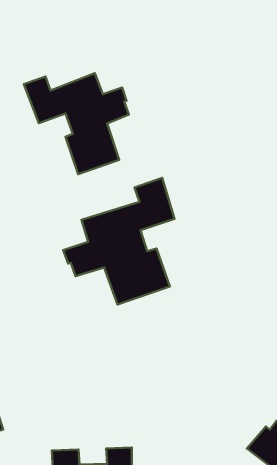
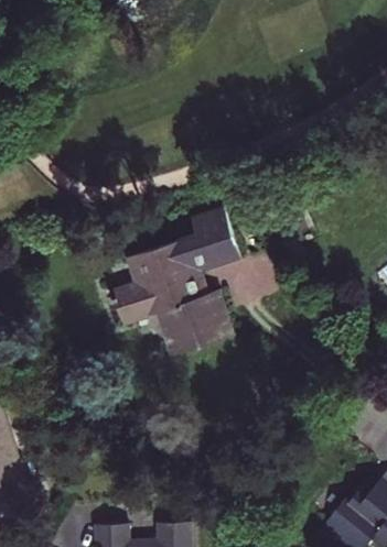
building: [24,73,129,174] -> none

